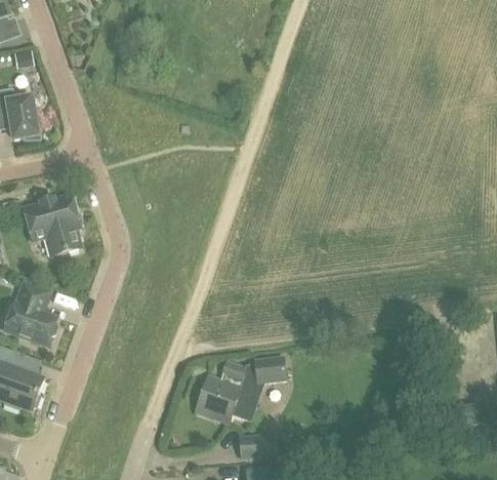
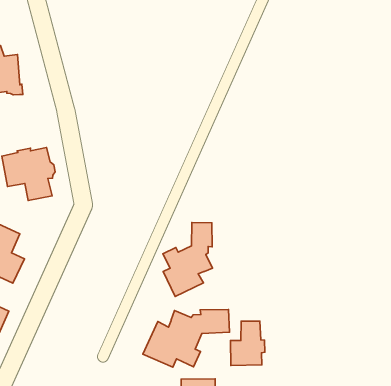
building: none -> [163,223,212,297]
building: none -> [230,321,265,365]

